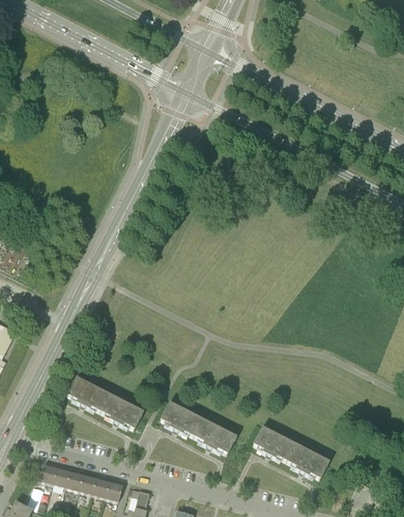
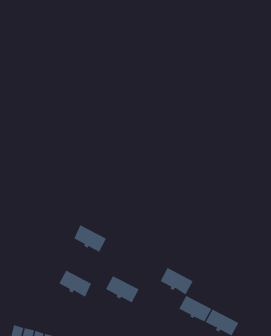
building: [67,375,110,410] -> [73,225,107,252]
building: [194,418,236,453] -> [160,267,193,295]

